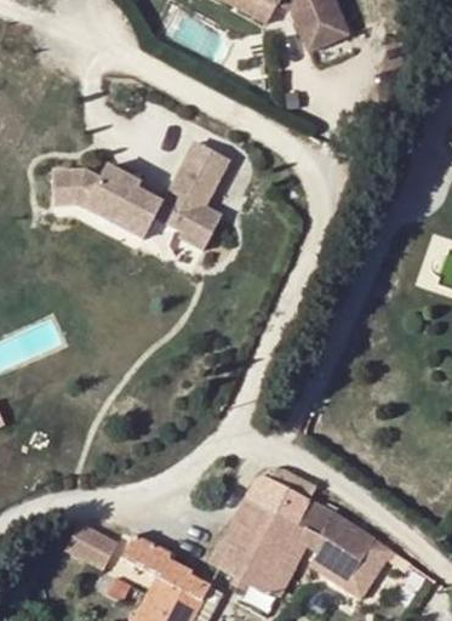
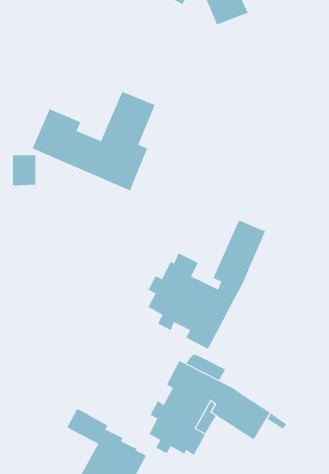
building: [52,166,82,205] -> [12,155,36,186]
building: none -> [148,219,266,349]
building: [67,519,119,569] -> none

